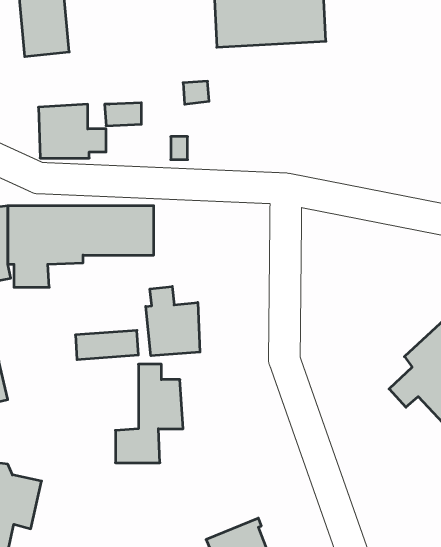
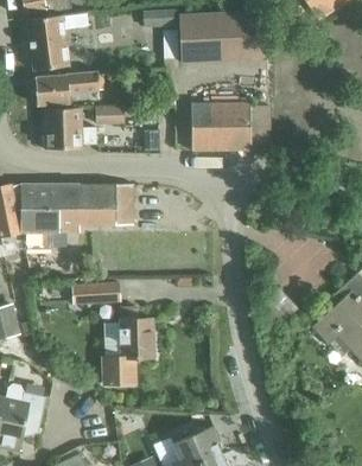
building: none -> [33,72,97,106]
building: none -> [190,102,267,151]
building: [146,286,200,356] -> none

